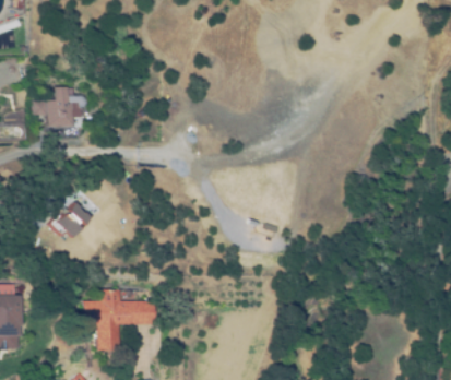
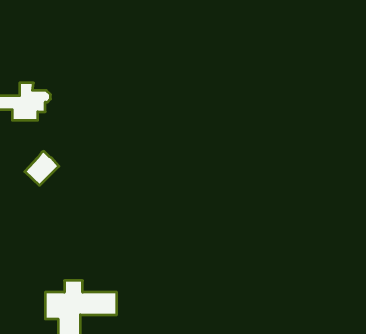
building: [57,201,92,236] -> [25,151,59,185]

